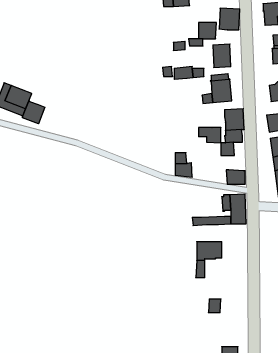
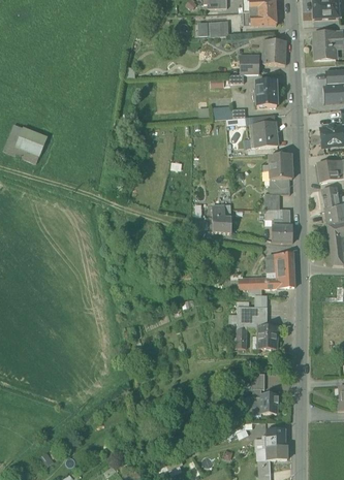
building: [22,100,45,124] -> none
building: [199,128,221,143] -> [264,207,290,225]
building: none -> [257,325,277,348]
building: none -> [248,392,276,415]

